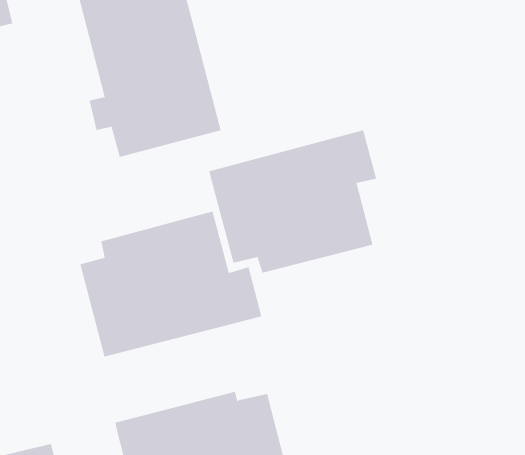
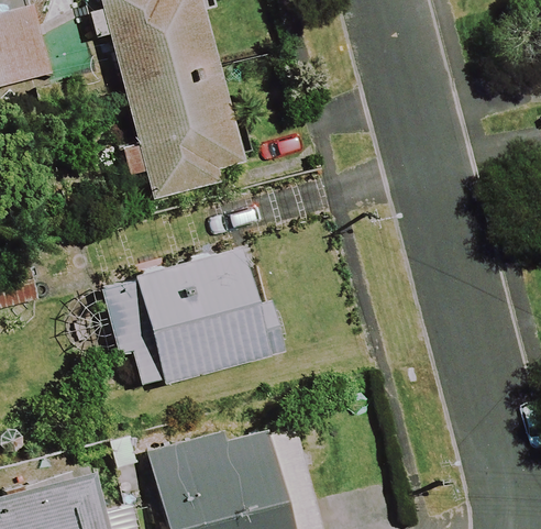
building: [209,129,377,274] -> none

